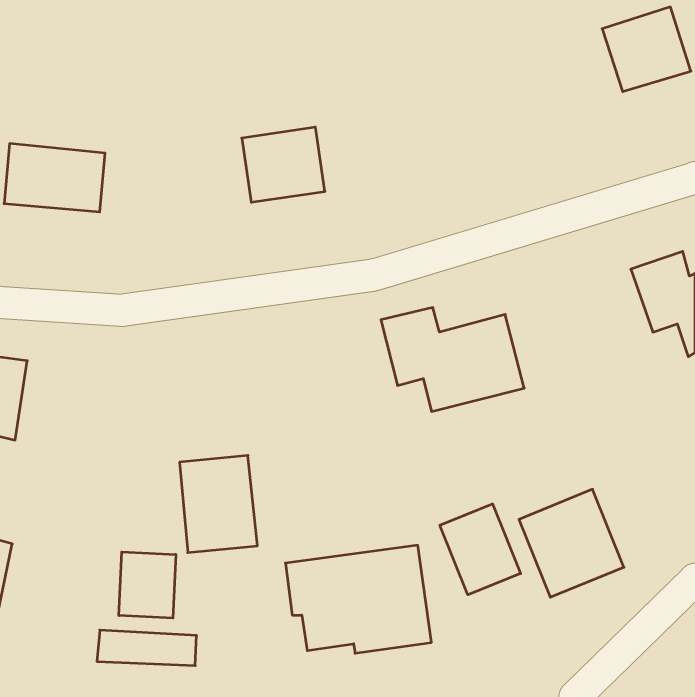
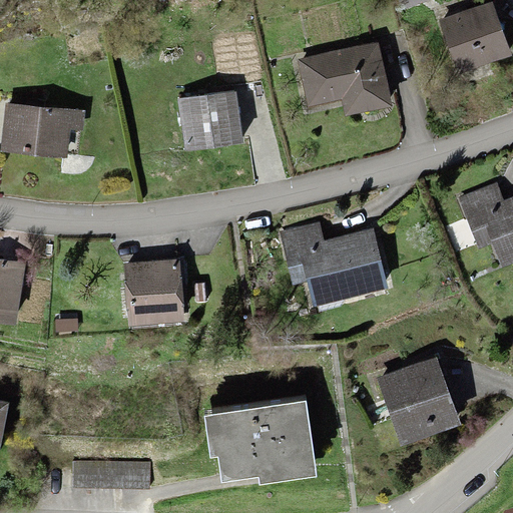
building: none -> [300,42,391,111]
building: [180,455,257,553] -> [124,260,181,331]
building: [440,504,521,595] -> none
building: [119,552,176,618] -> none

